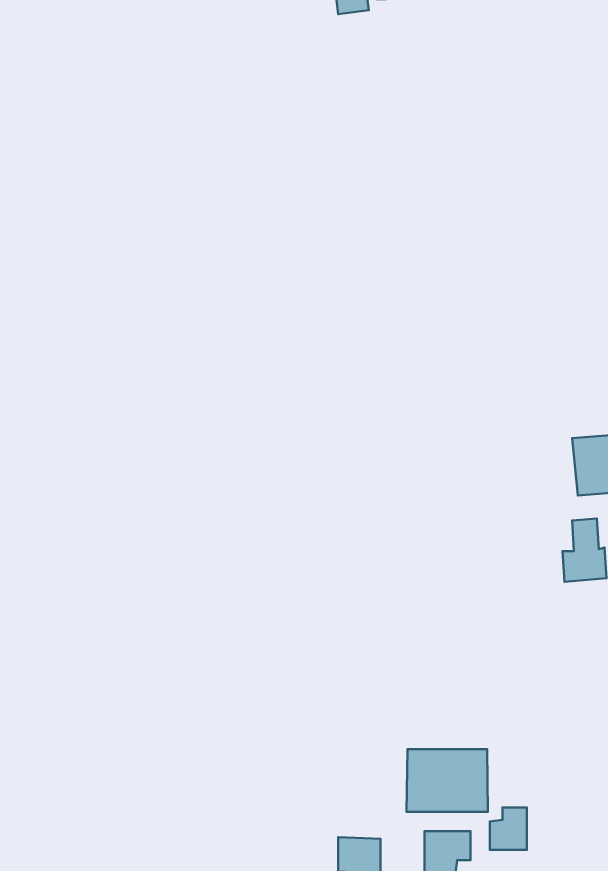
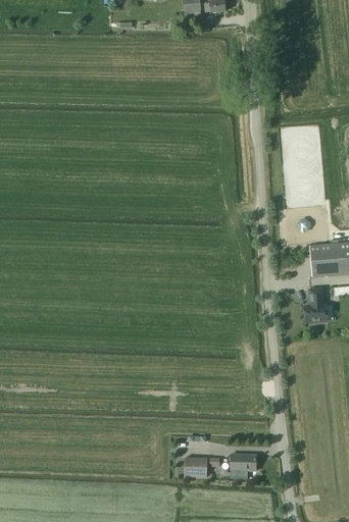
building: [406,749,488,812] -> none
building: [490,808,527,850] -> none

